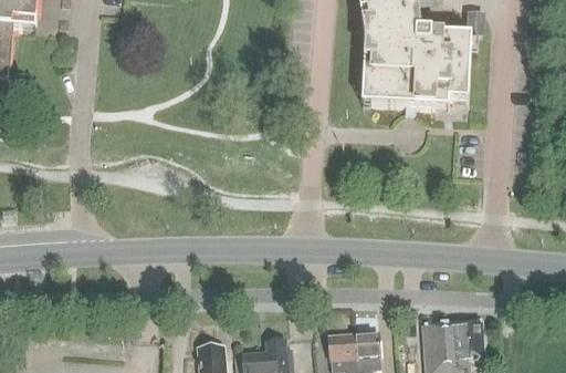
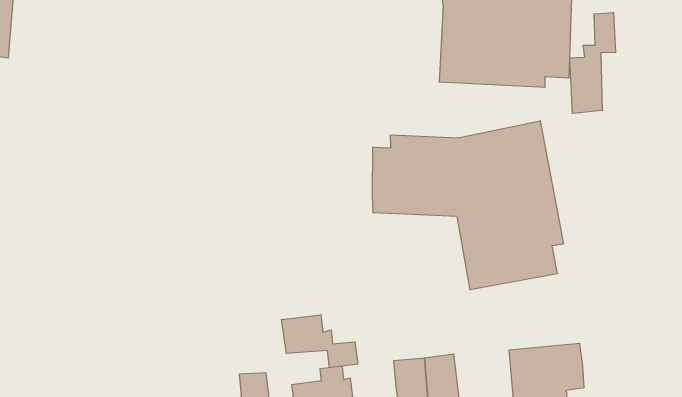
building: none -> [570,12,616,113]
building: none -> [372,121,563,290]
building: none -> [281,315,358,368]

